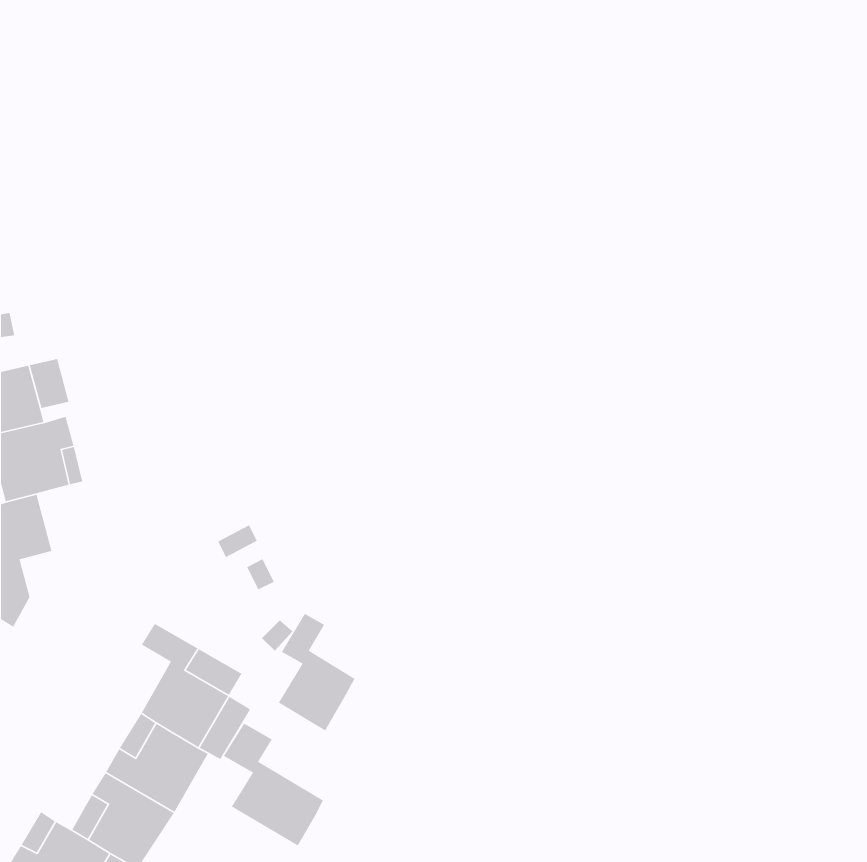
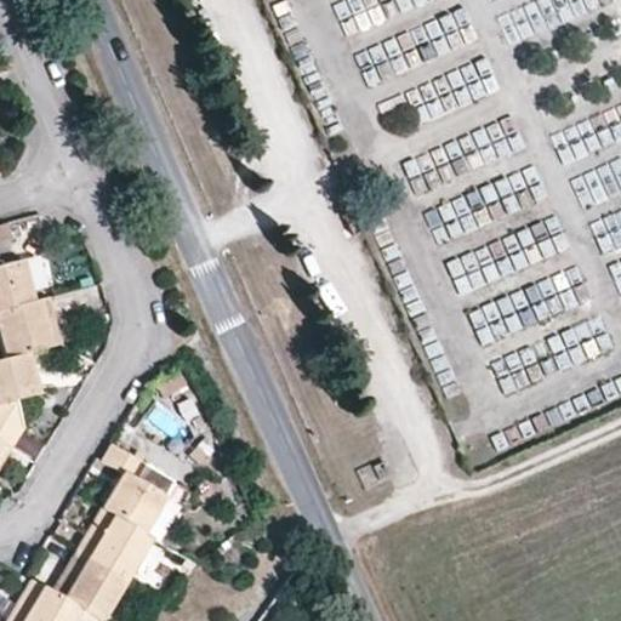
building: [278,613,355,731] -> none
building: [223,722,324,847] -> none

